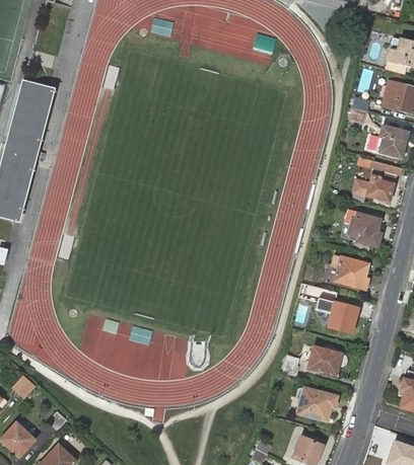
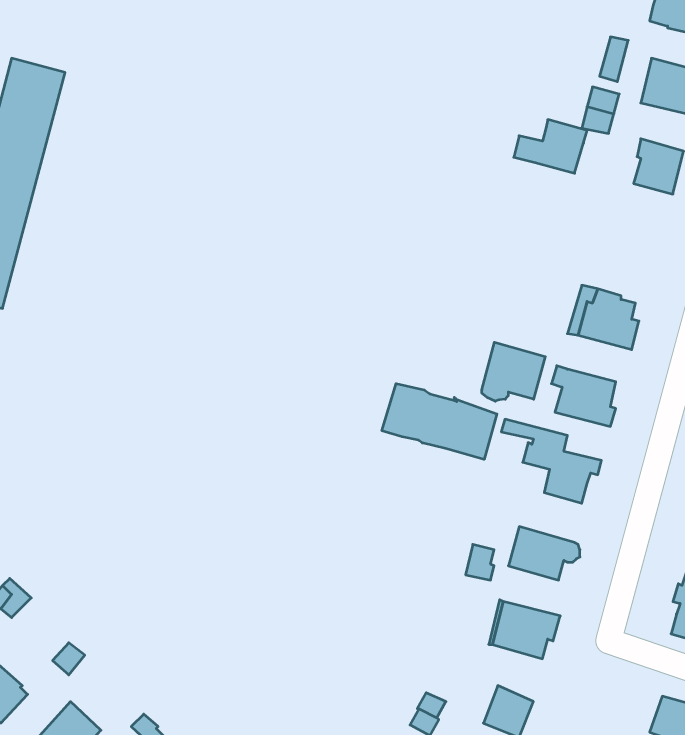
building: [354,170,396,201] -> [514,120,587,173]
building: none -> [482,342,545,401]
building: none -> [382,384,497,459]

